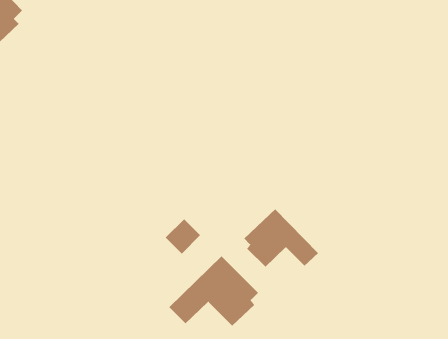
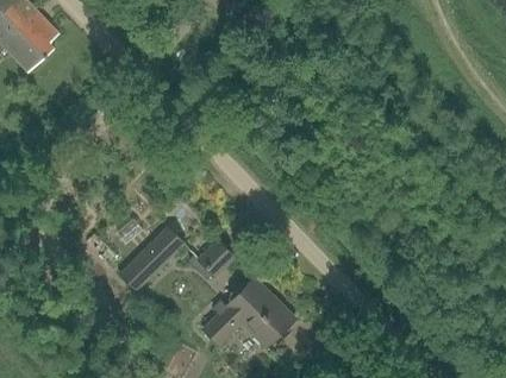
building: none -> [120,226,185,290]
building: [244,208,319,267] -> none

